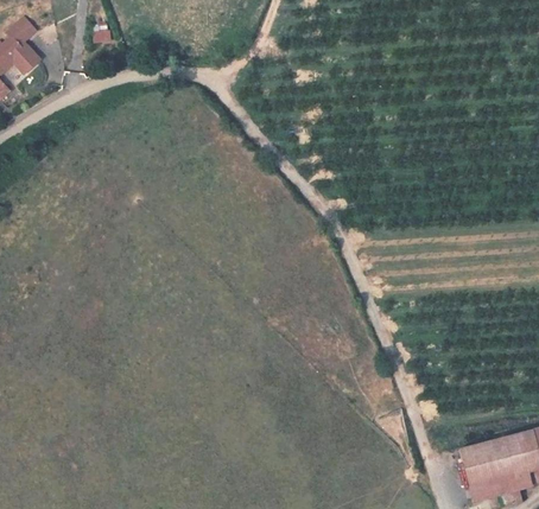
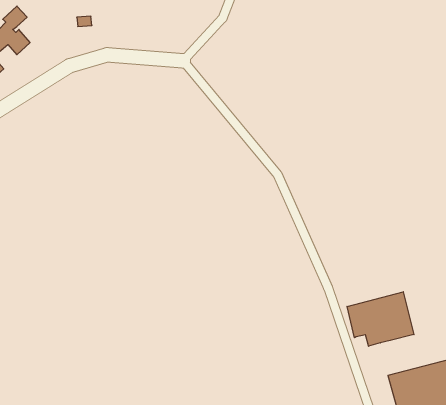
building: none -> [347,292,414,346]

